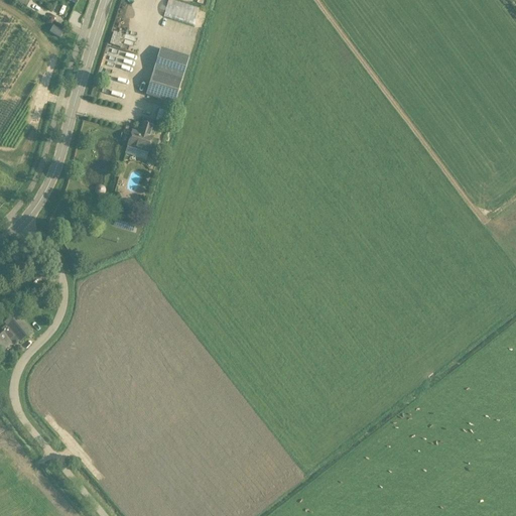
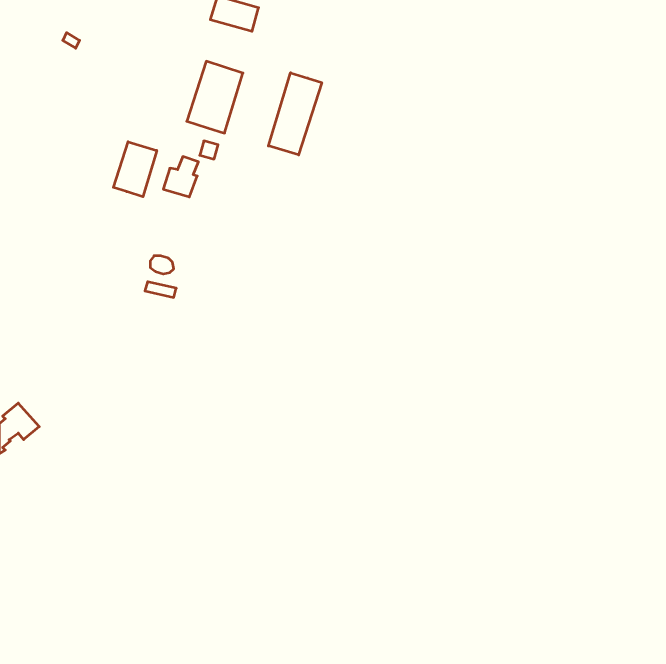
building: none -> [268,73,322,155]
building: none -> [113,142,157,197]

